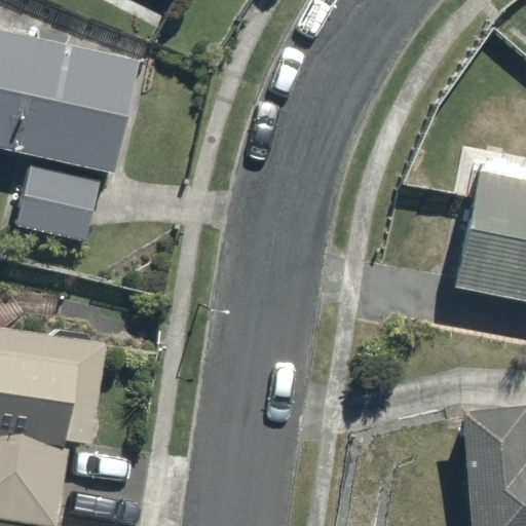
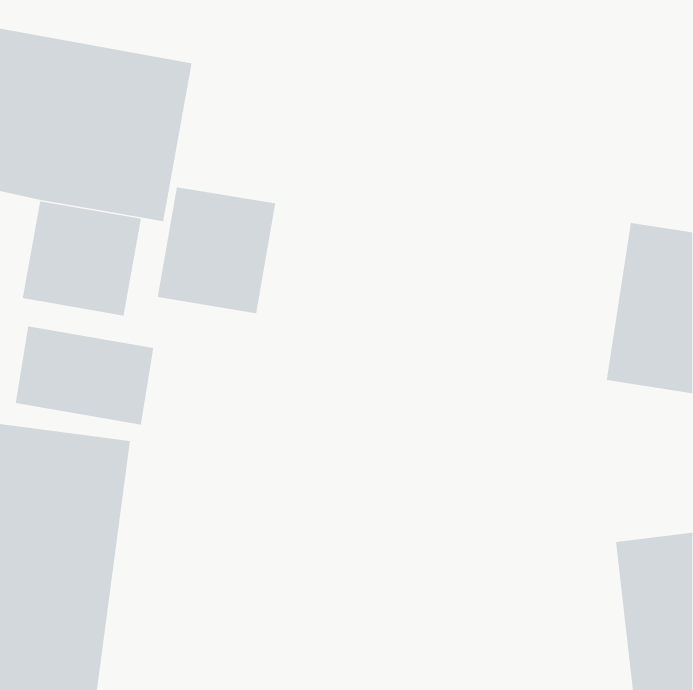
building: none -> [157,186,276,314]
building: none -> [15,326,154,426]

